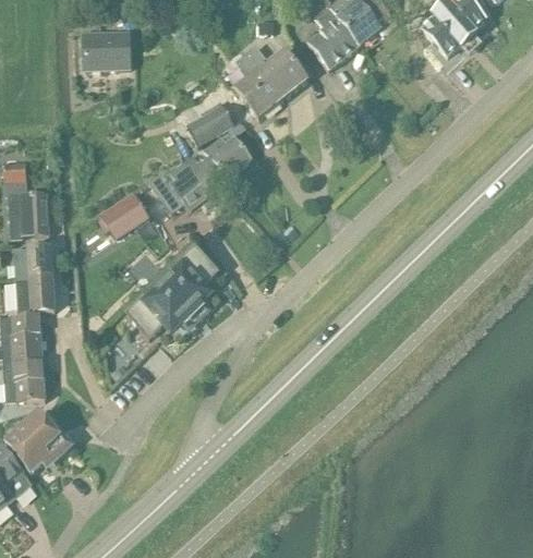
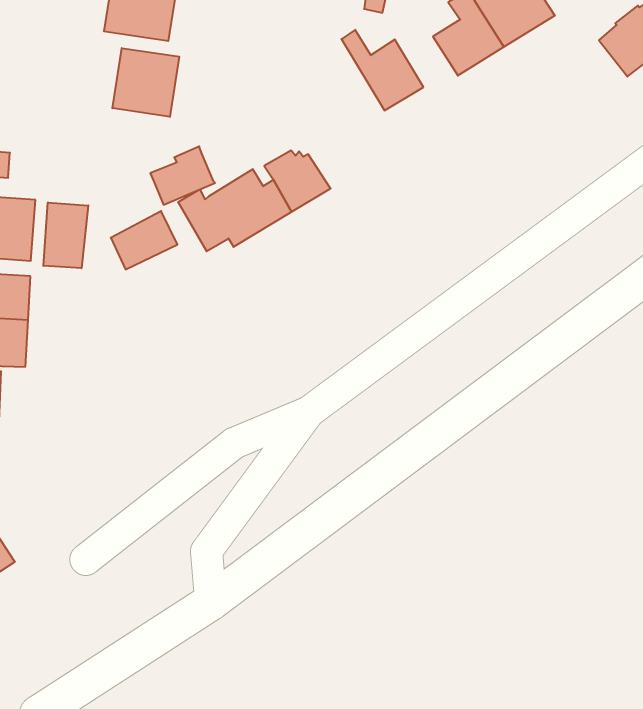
building: [235,53,281,117] -> none
building: none -> [112,48,179,117]
building: [186,100,232,144] -> [150,146,215,205]
building: none -> [43,202,88,268]
building: [126,248,217,339] -> none

